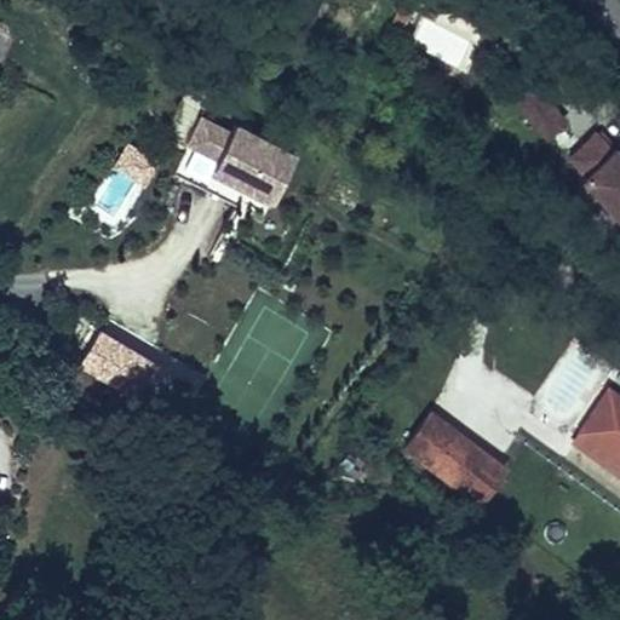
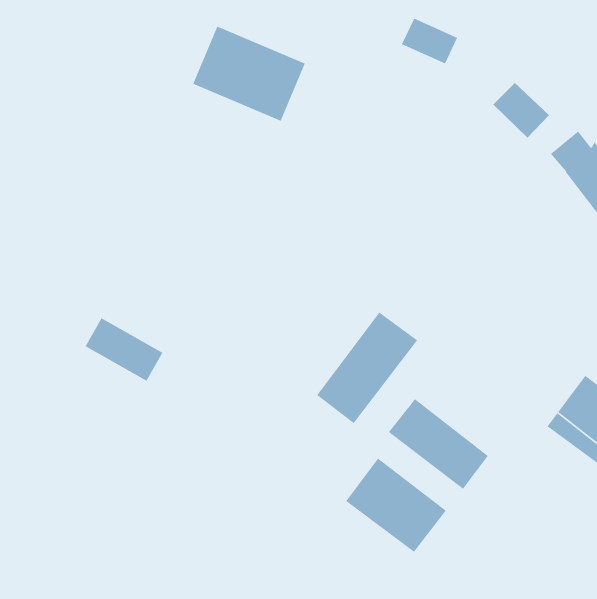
building: [177,114,294,213] -> [192,25,306,122]
building: none -> [316,312,418,424]
building: none -> [345,458,447,553]

